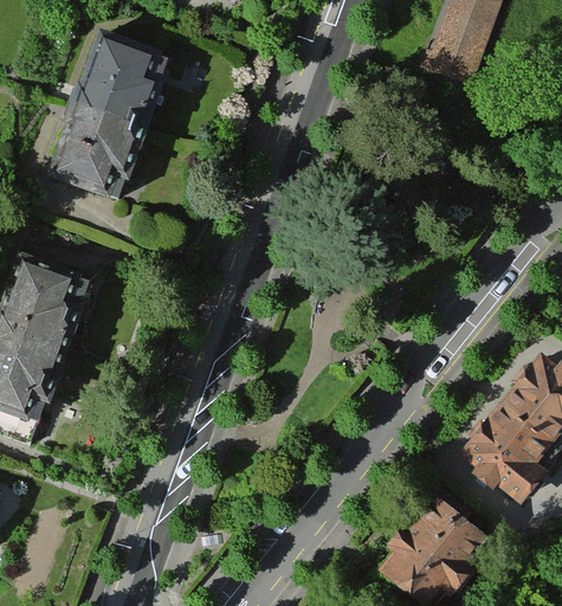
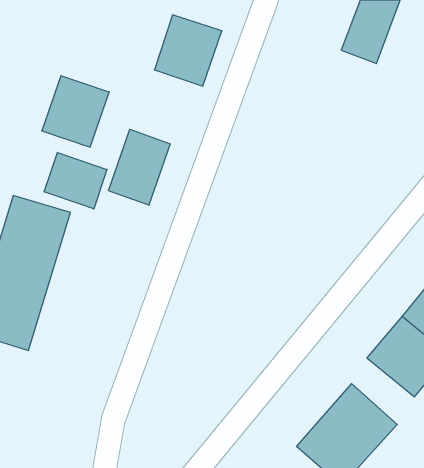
building: [77,33,161,122] -> [154,15,222,86]
building: none -> [109,129,170,205]
building: none -> [44,152,107,209]

